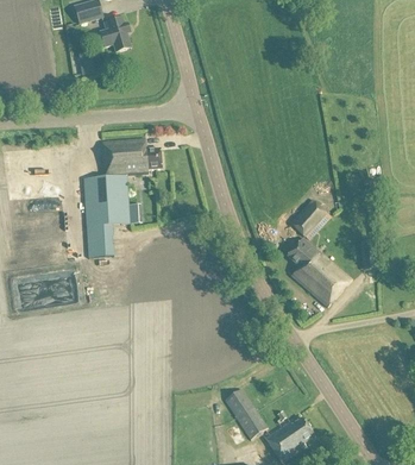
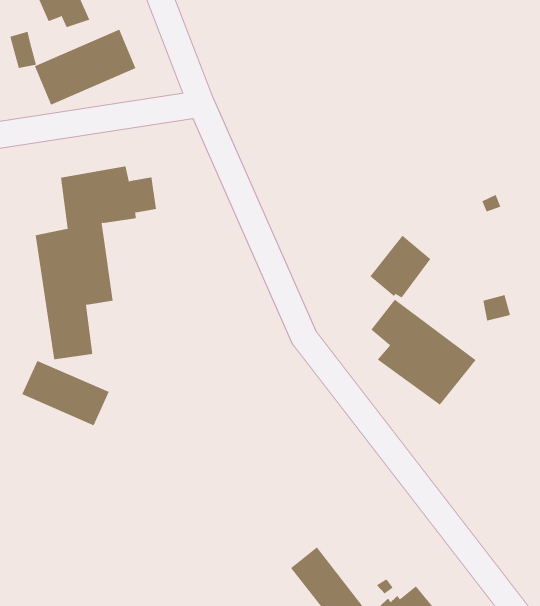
building: none -> [34,29,136,106]
building: none -> [22,360,109,426]

